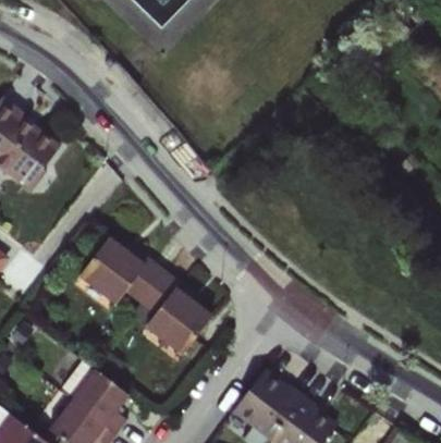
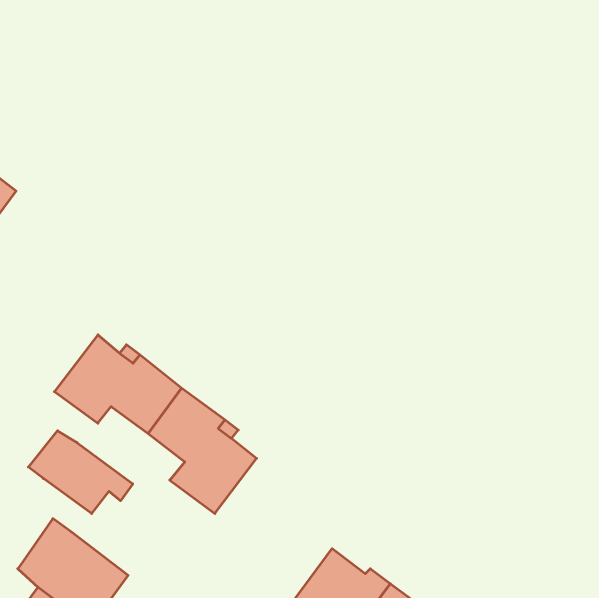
building: none -> [28,431,133,514]

